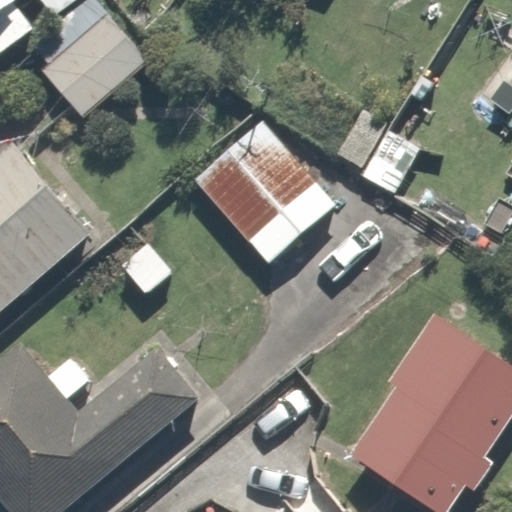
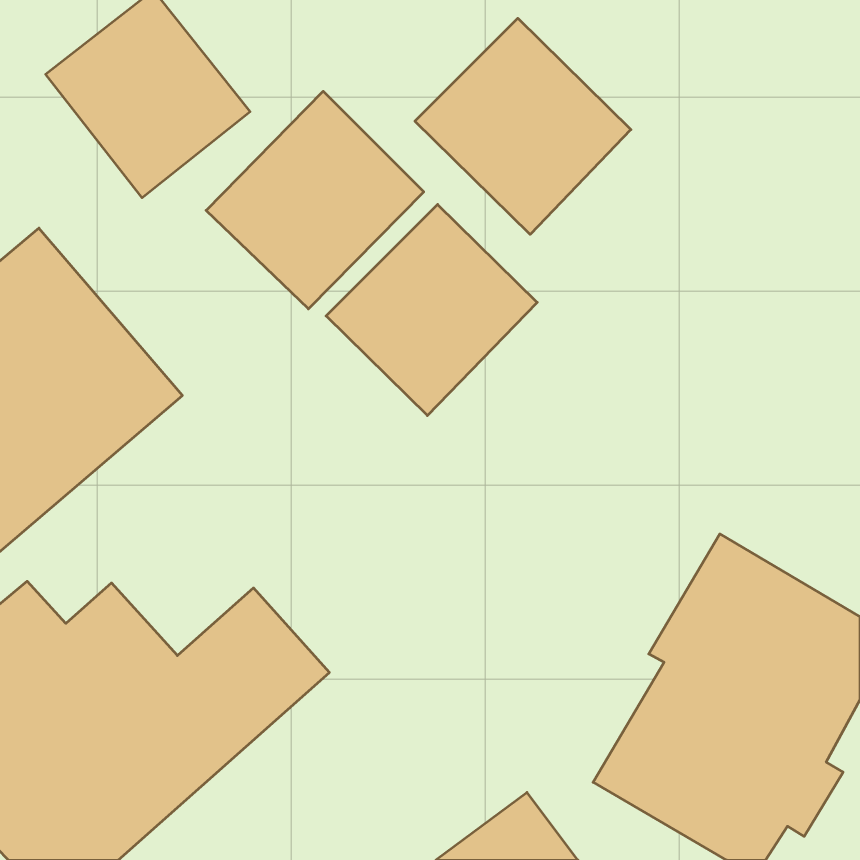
building: none -> [415,18,631,234]
building: none -> [206,91,424,309]

